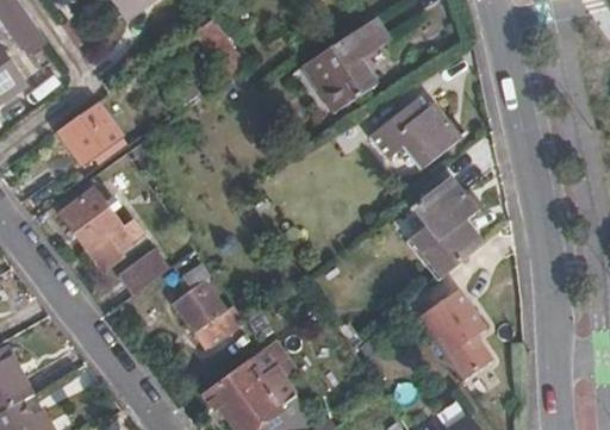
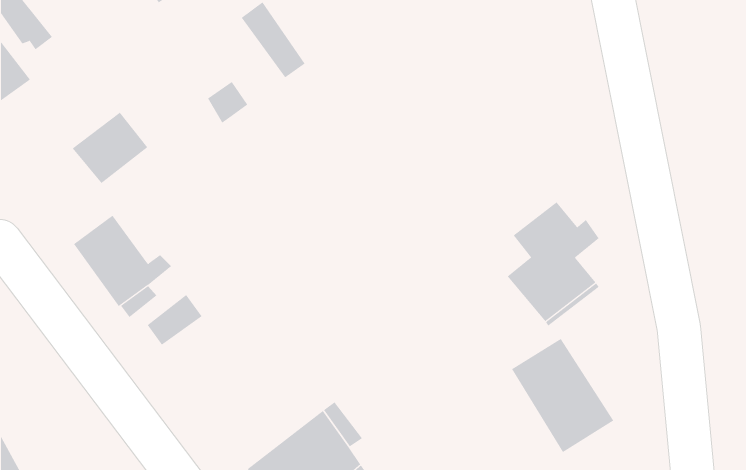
building: [307,20,393,114] -> none
building: [372,93,461,164] -> none
building: [173,262,242,347] -> none

